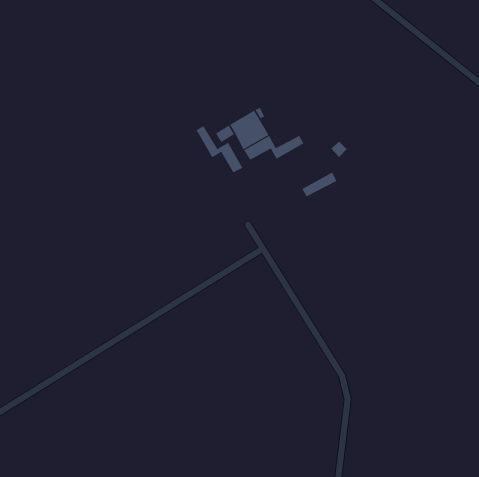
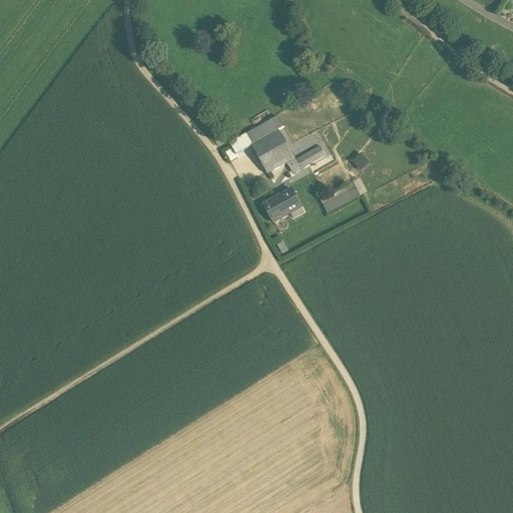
building: [196,126,243,173] -> none
building: none -> [263,186,301,220]

